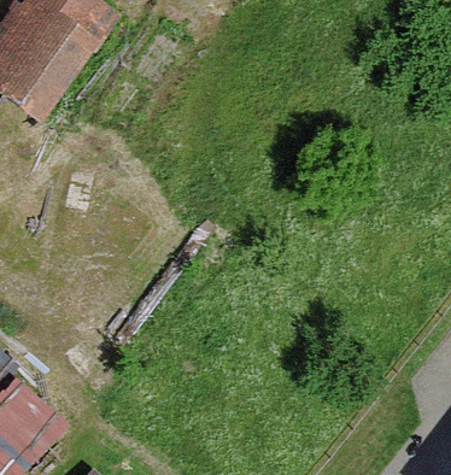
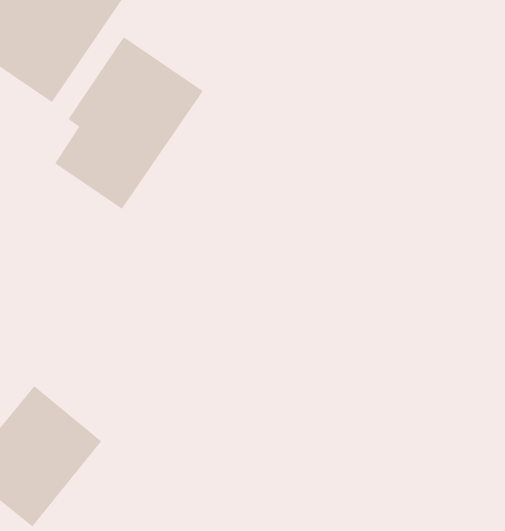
building: none -> [54,36,204,210]

